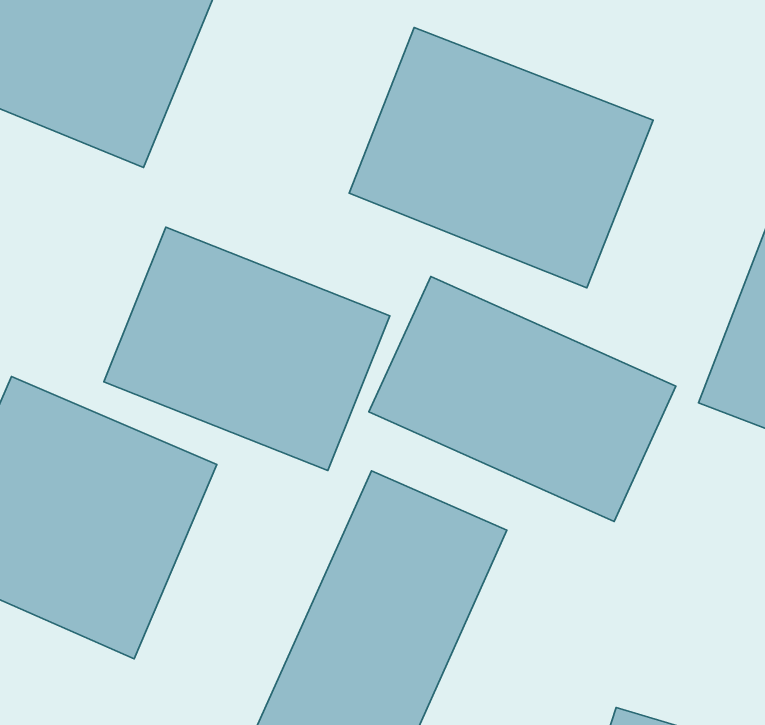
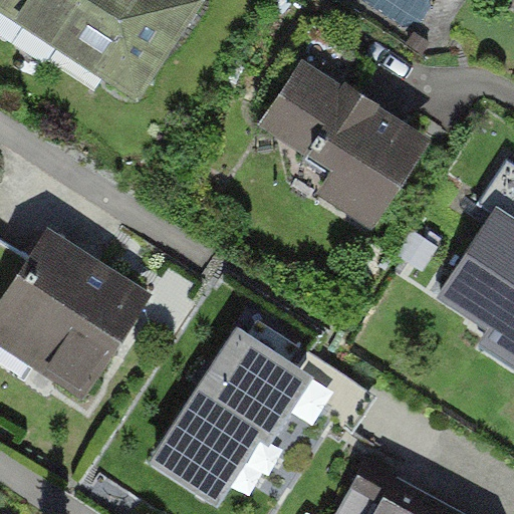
building: [104,227,390,470] -> none
building: [369,276,676,522] -> none

